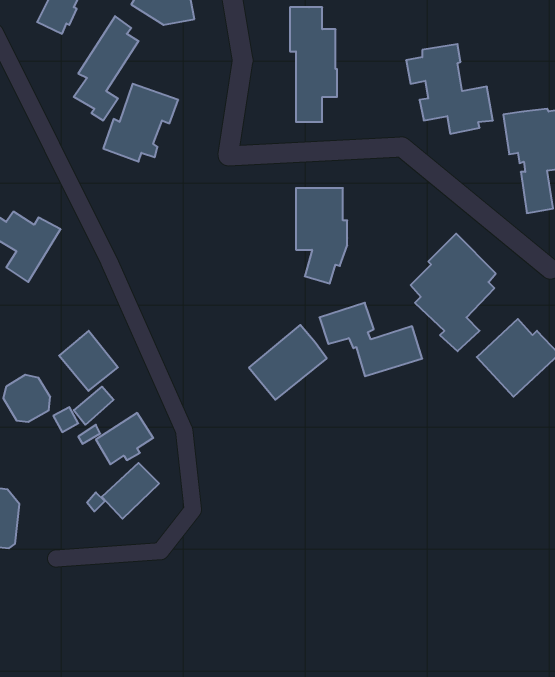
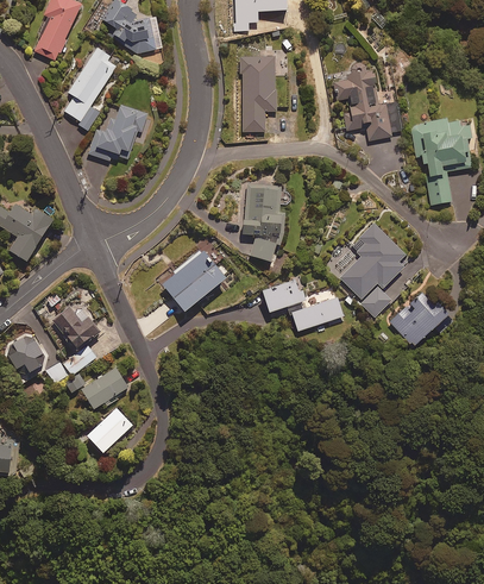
building: [249,325,327,400] -> [162,249,225,309]

